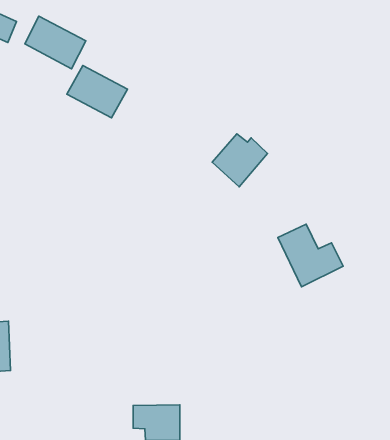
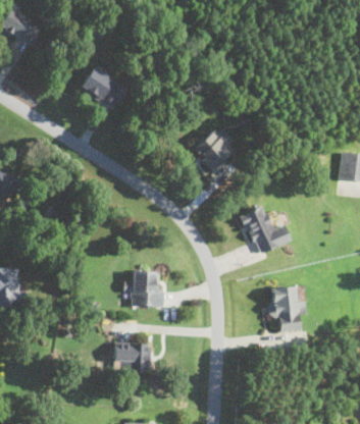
building: [25,16,86,69] -> none
building: none -> [123,269,162,306]
building: none -> [268,285,305,331]

